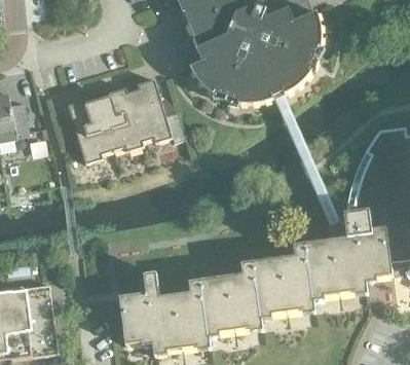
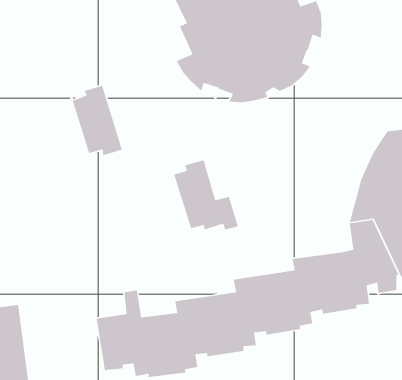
building: [125,79,184,143] -> [173,159,239,230]
building: [66,100,112,165] -> none

